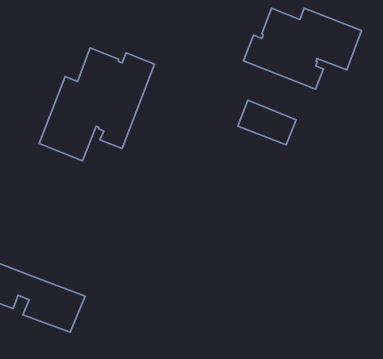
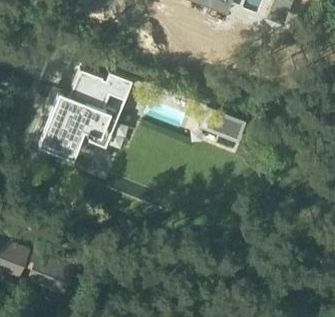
building: [244,8,362,89] -> none

